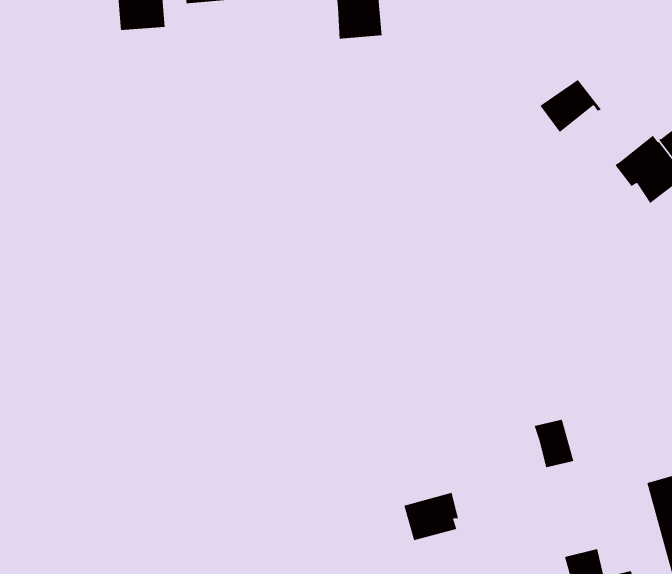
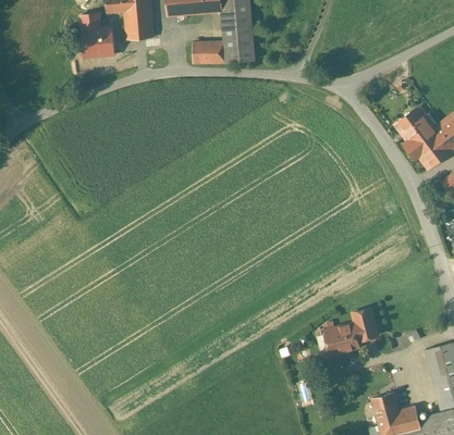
building: none -> [193,41,225,62]
building: [539,79,602,133] -> [394,107,434,141]
building: [403,492,459,541] -> [323,322,359,353]

